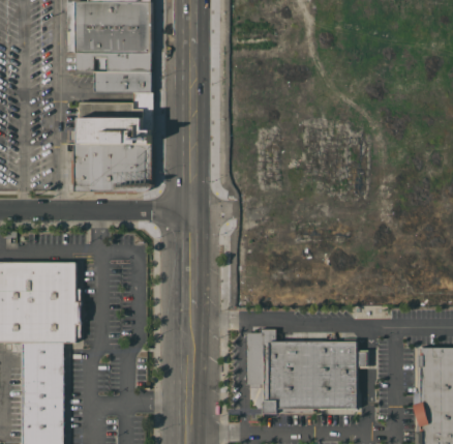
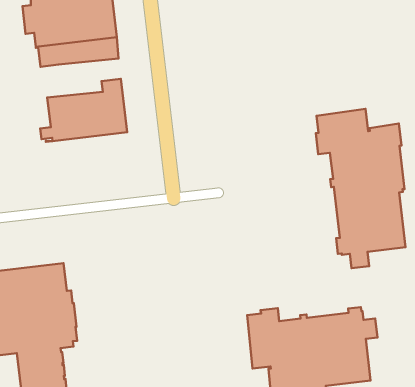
building: [95,71,153,92] -> none
building: [71,144,155,194] -> none
building: none -> [316,109,406,268]

